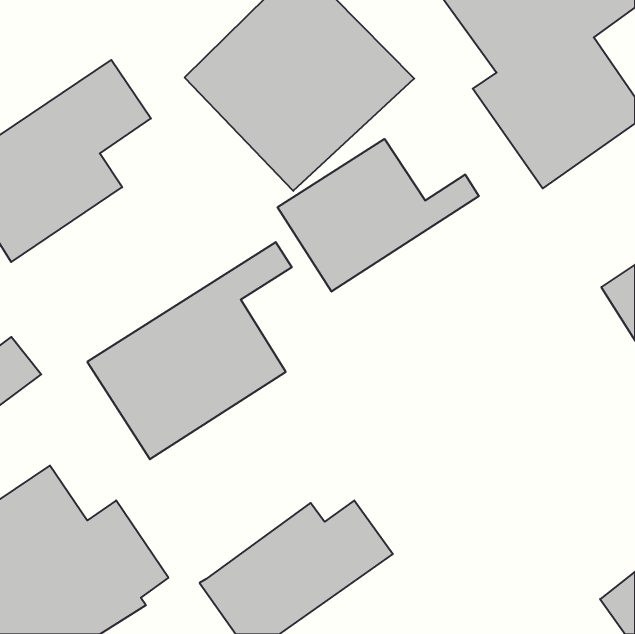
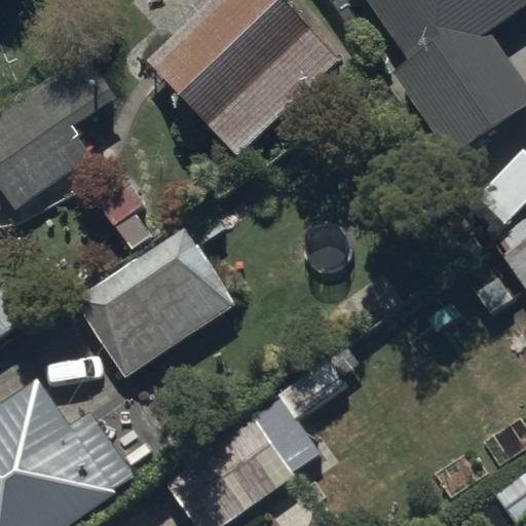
building: [278,139,479,292] -> none

